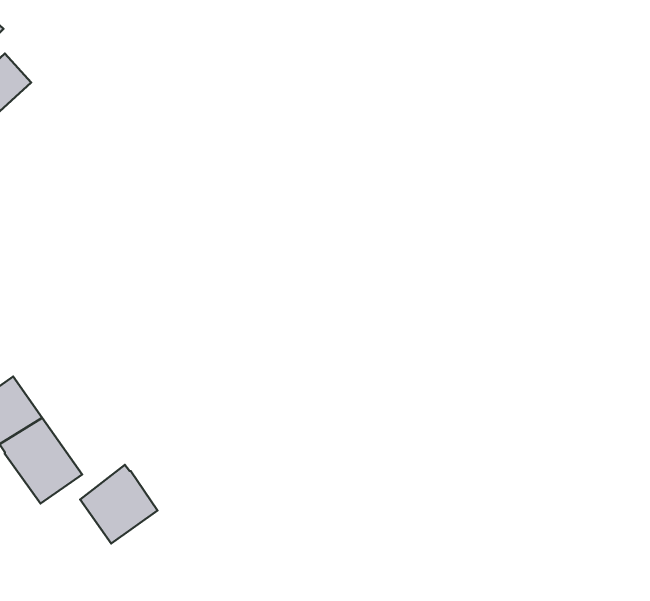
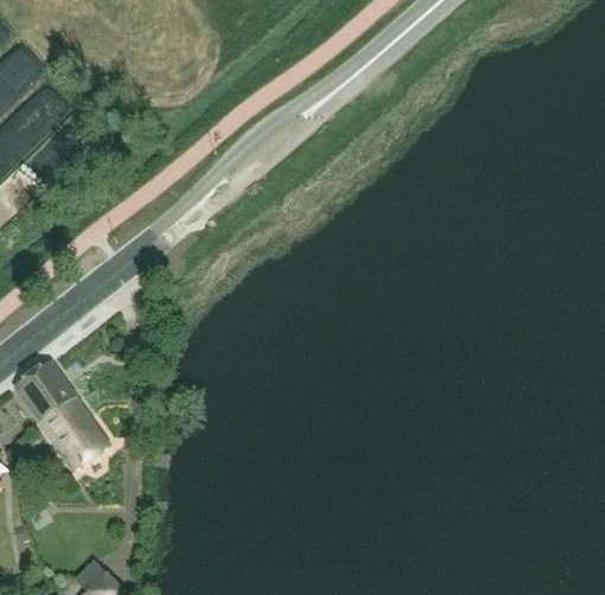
building: [80,465,158,543] -> none

